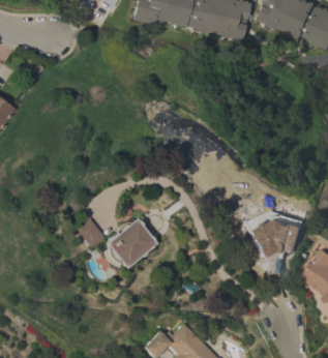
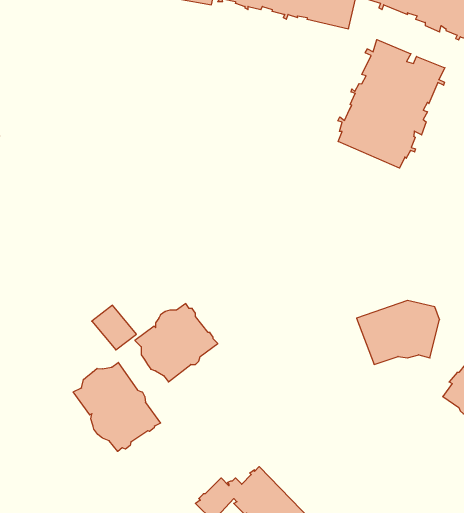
building: none -> [338,40,445,168]
building: none -> [73,362,161,451]

